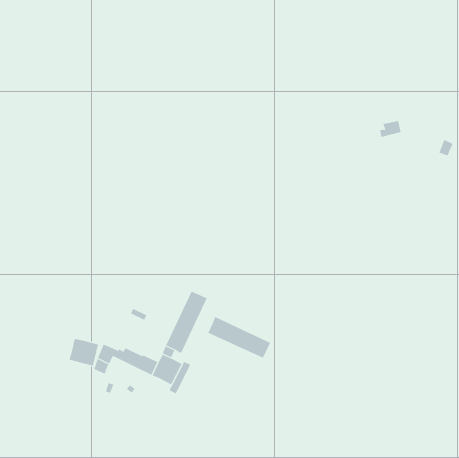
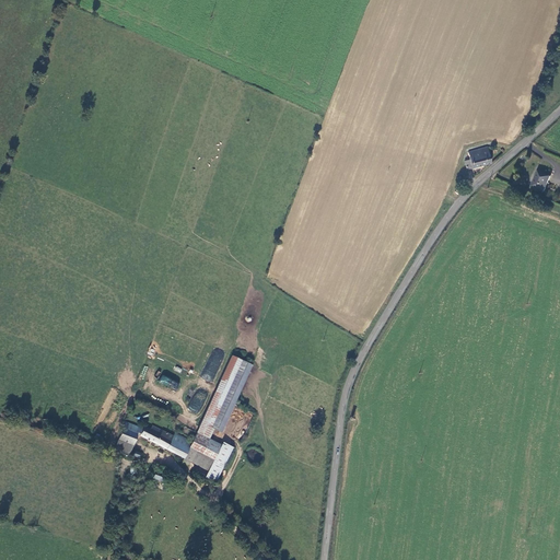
building: [208,316,271,359] -> none
building: [69,338,99,367] -> none

